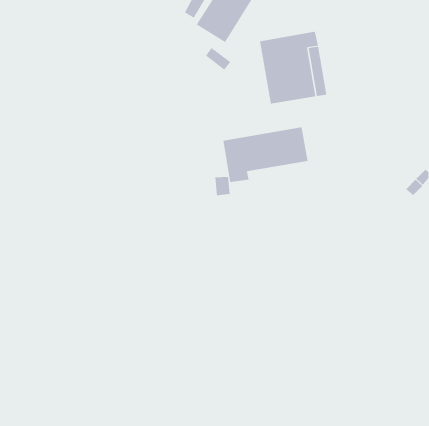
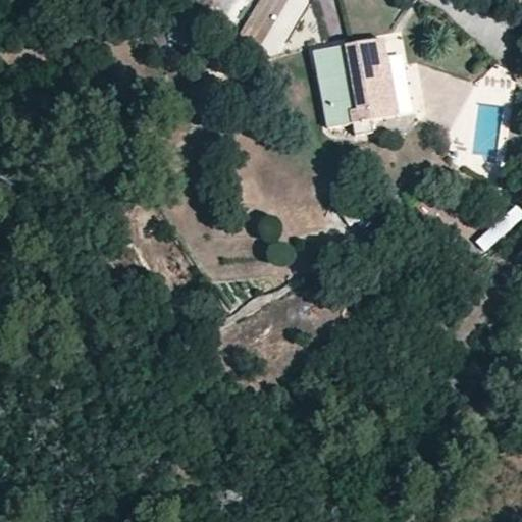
building: [223,127,308,183] -> none

